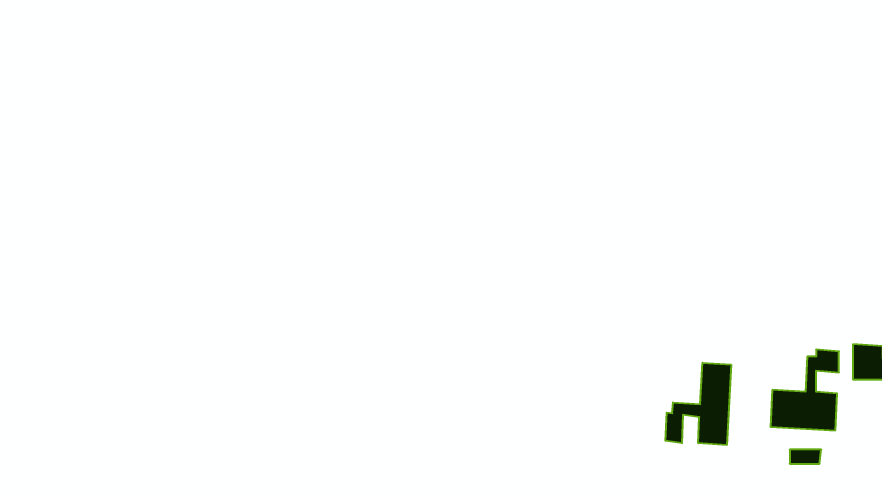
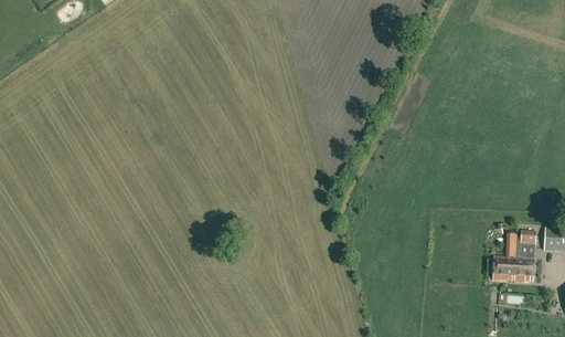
building: [666,363,731,445] -> none

